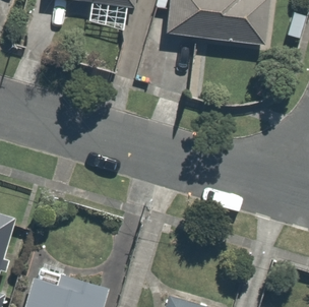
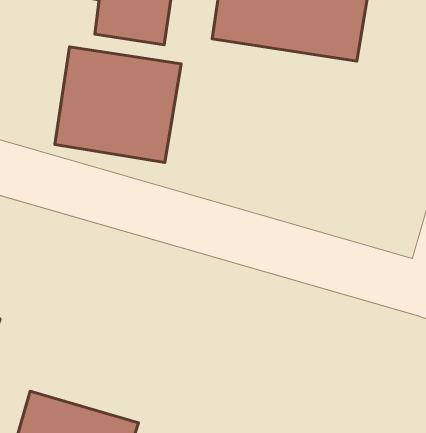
building: none -> [55,47,181,163]

